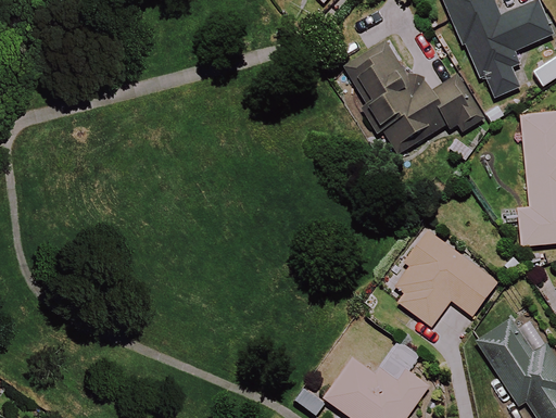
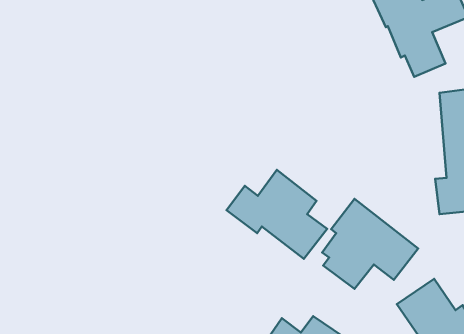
building: [345,41,481,154] -> none
building: none -> [227,170,327,259]

